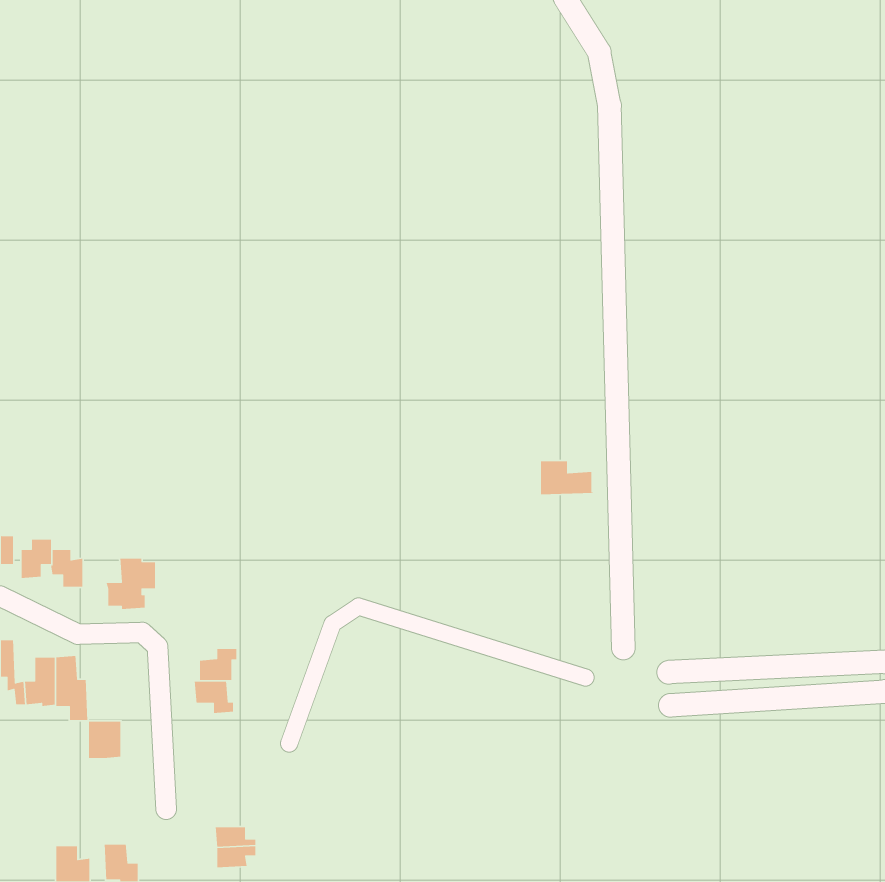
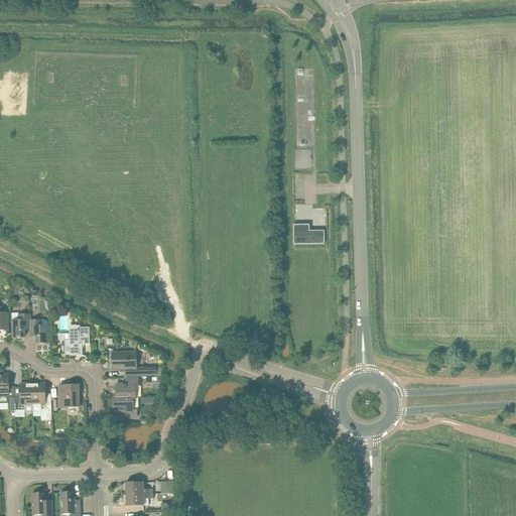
building: [540,461,594,495] -> [293,223,325,243]
building: none -> [112,350,155,375]
building: [88,721,121,759] -> [59,384,79,406]

